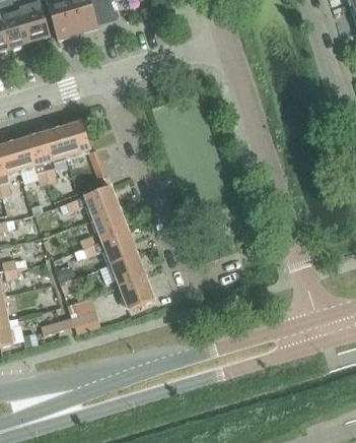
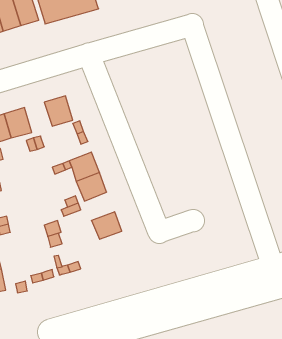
building: [34,128,66,163] -> none
building: [102,231,137,263] -> none
building: [110,275,154,312] -> none

